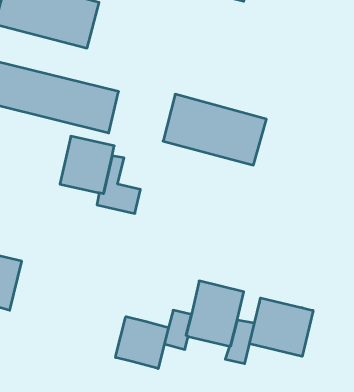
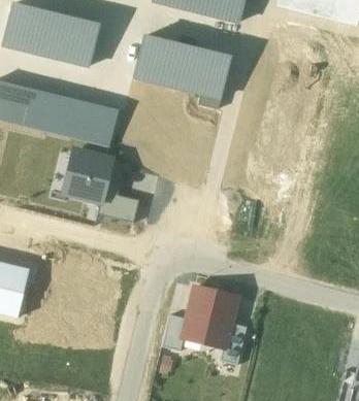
building: [163,94,266,165] -> [132,33,230,100]
building: [250,298,313,356] -> none
building: [116,317,168,369] -> none

